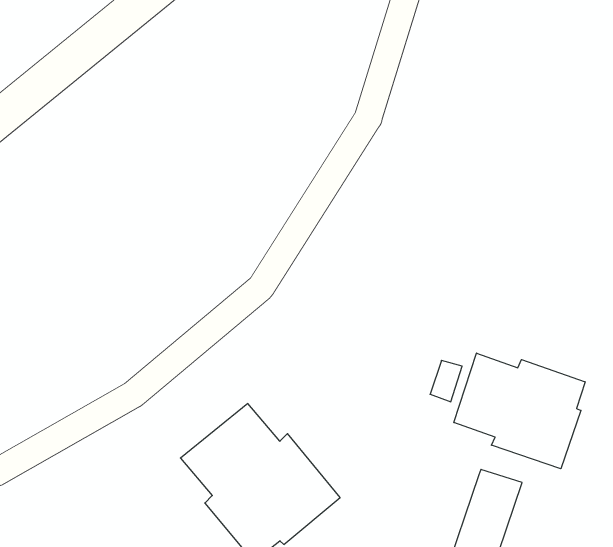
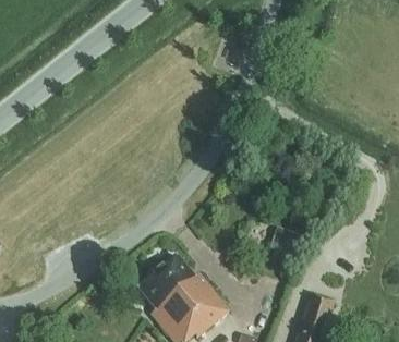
building: [454,353,585,469] -> none

